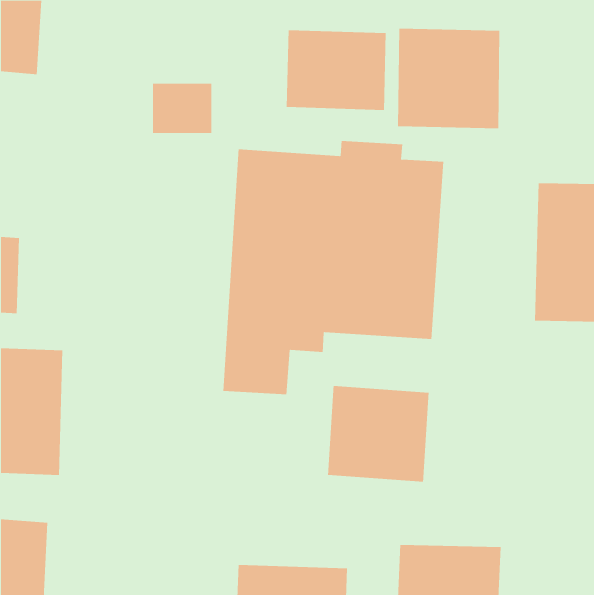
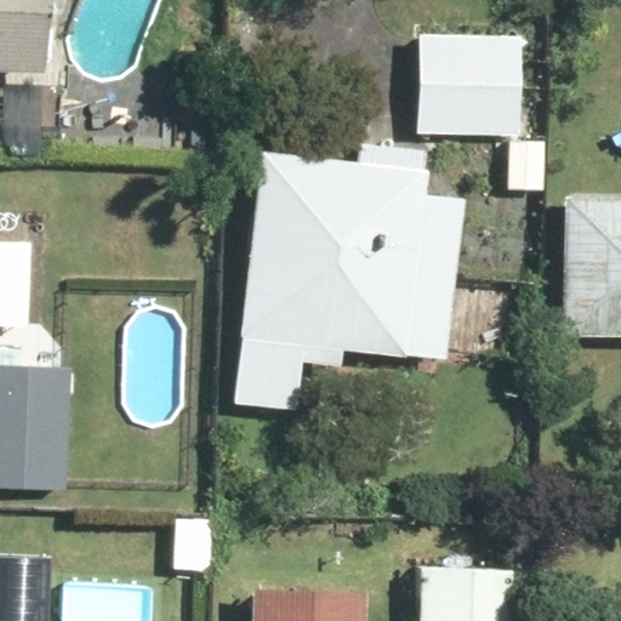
building: [286,29,386,111] -> none
building: [327,385,429,482] -> none

